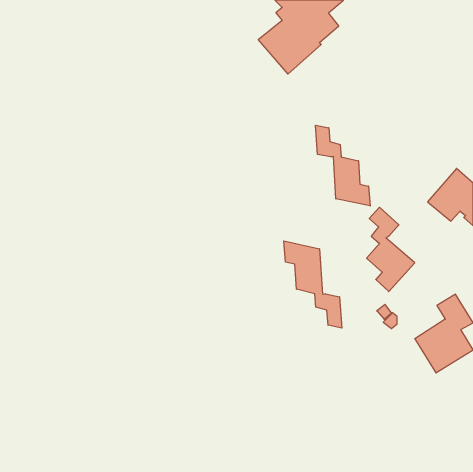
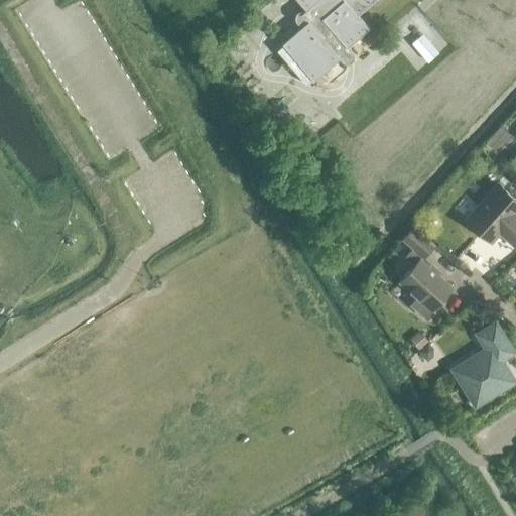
building: [315,125,370,206] -> none
building: [284,241,342,328] -> none

